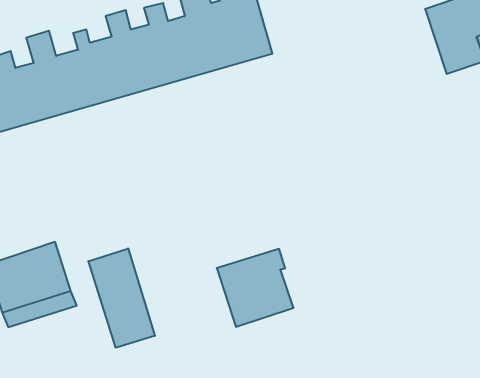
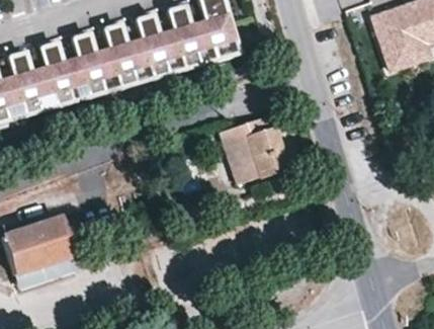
building: [88,248,155,348] -> none
building: [217,249,294,327] -> [216,114,281,180]

